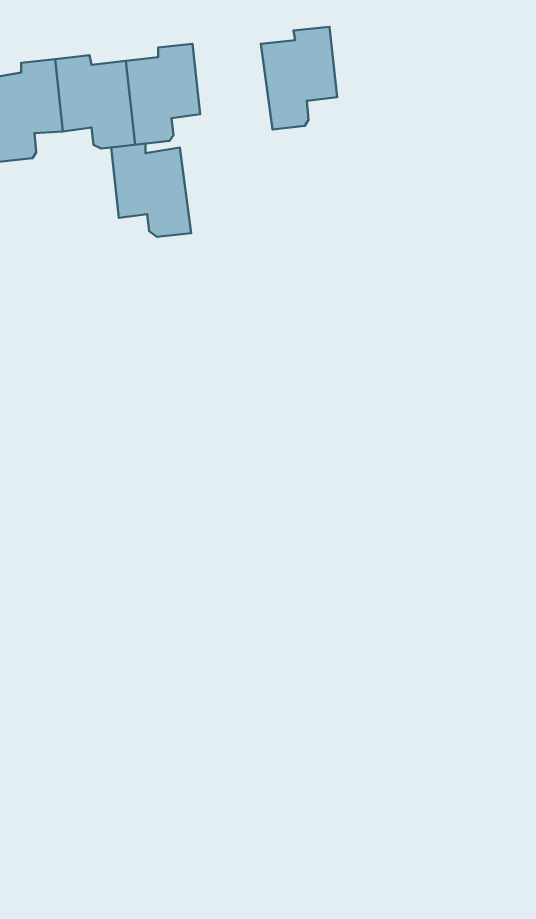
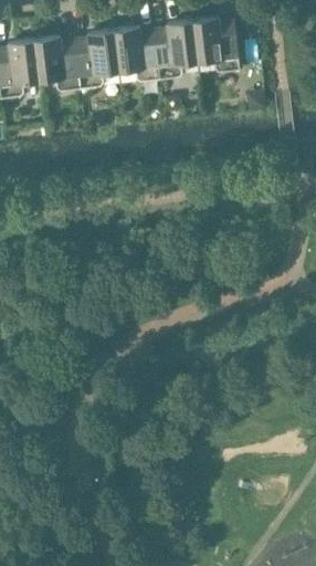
building: none -> [193,18,240,72]
building: [111,144,191,237] -> [114,28,160,82]

